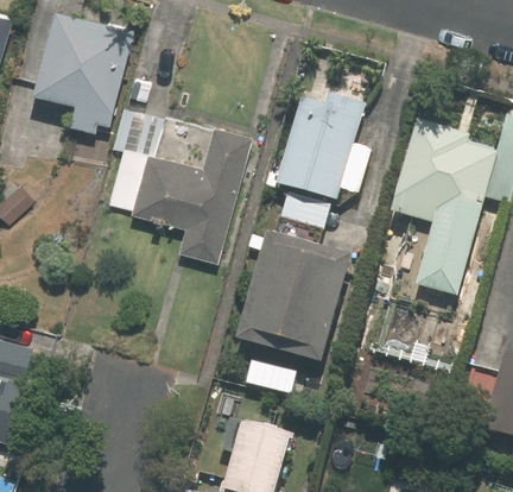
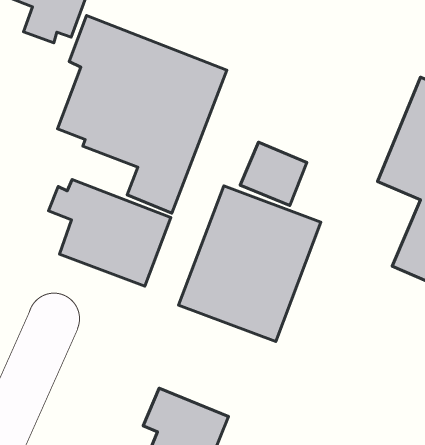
building: [274,92,365,203] -> none
building: none -> [49,180,171,286]

